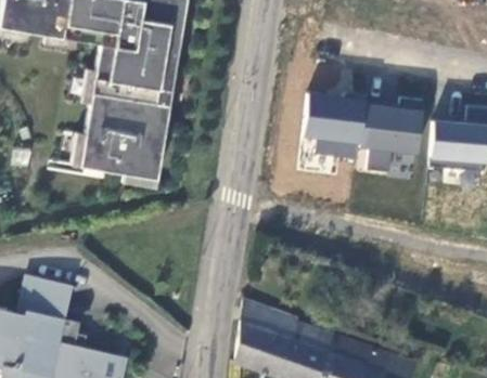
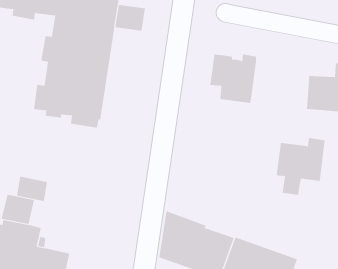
building: none -> [115,4,145,31]
building: [359,97,424,173] -> [276,138,325,195]
building: none -> [16,176,48,202]

